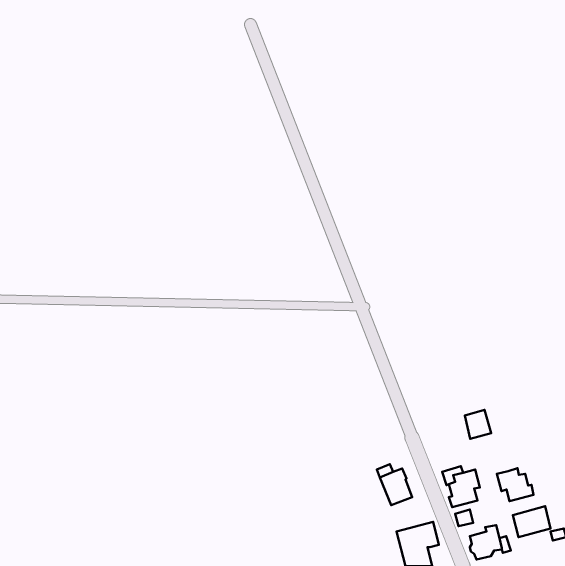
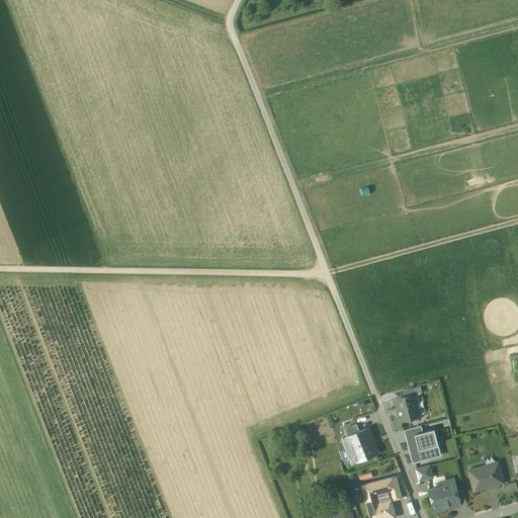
building: [465,410,491,439] -> [397,395,421,421]
building: [497,468,533,501] -> none

